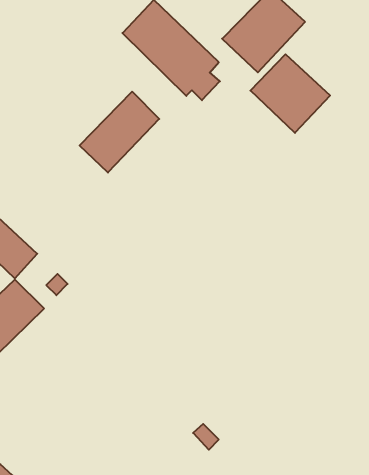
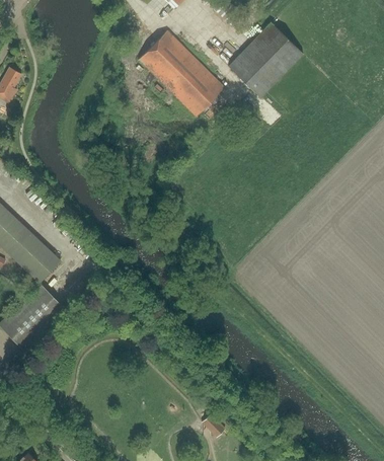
building: [250,54,330,133] -> none
building: [80,92,159,173] -> none

